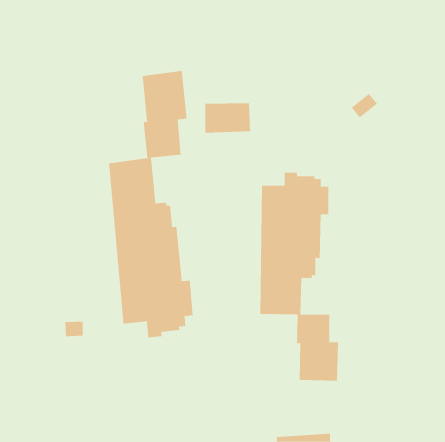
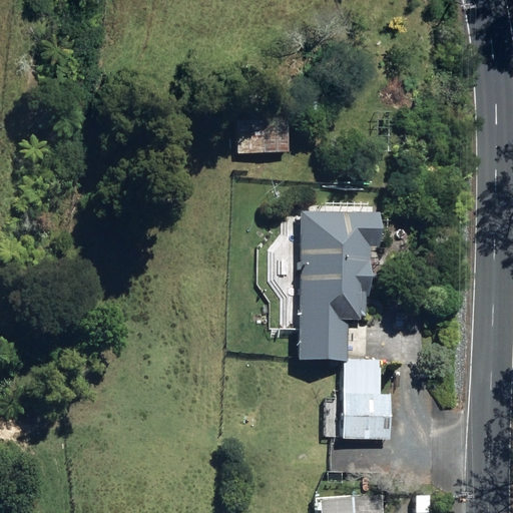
building: [108,70,193,338] -> none

